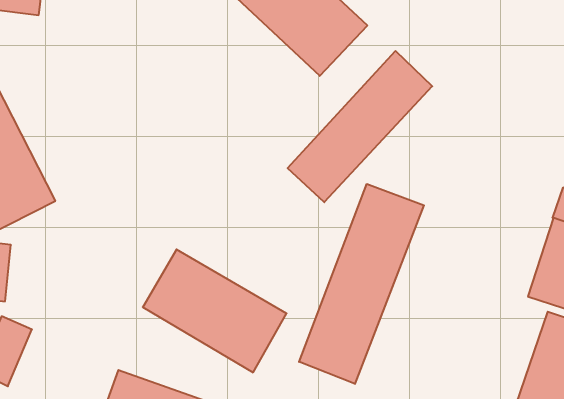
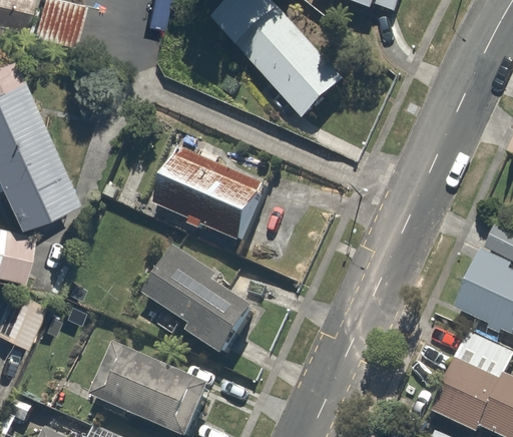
building: [288,51,432,202] -> none
building: none -> [151,148,265,245]
building: [299,184,424,384] -> none

